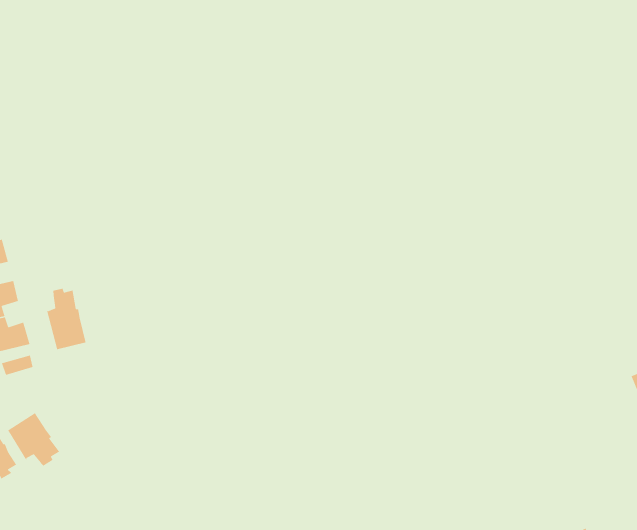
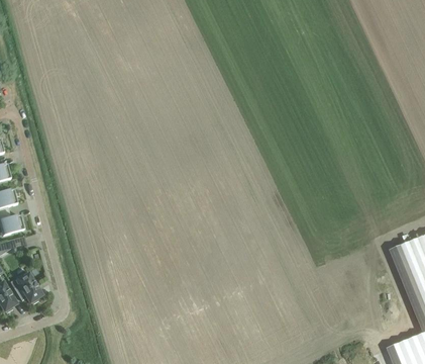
building: [46,288,86,350] -> none

